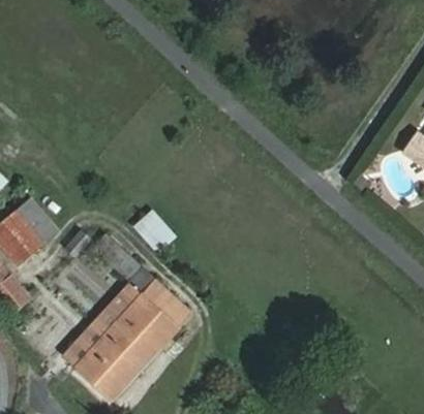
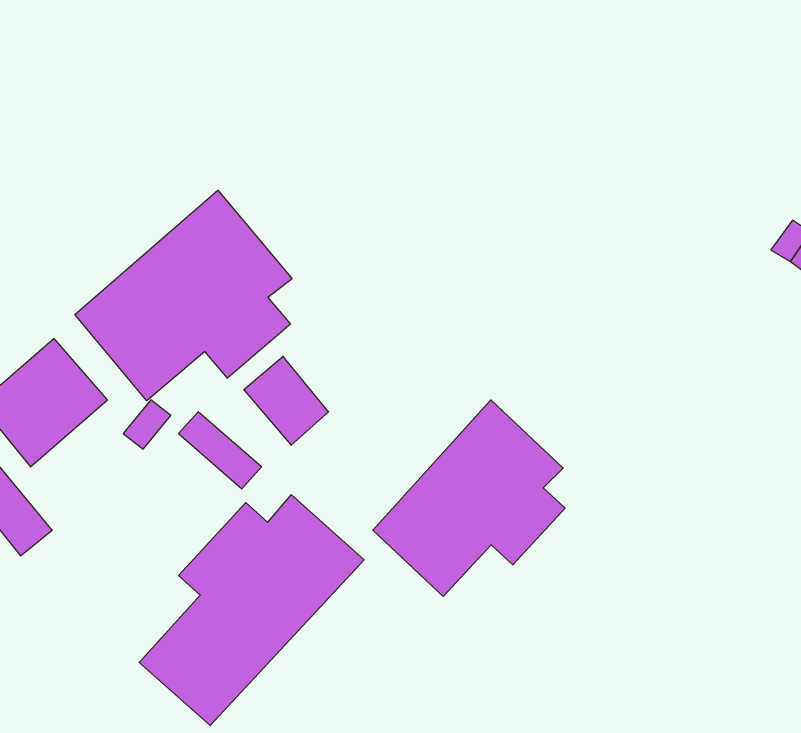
building: none -> [75,190,292,401]
building: none -> [373,400,565,596]

